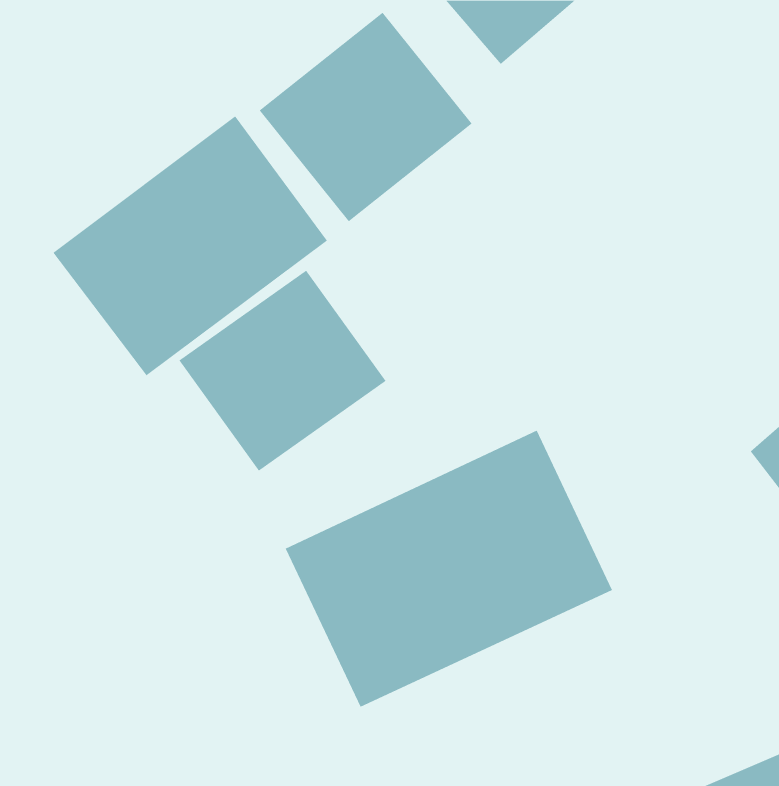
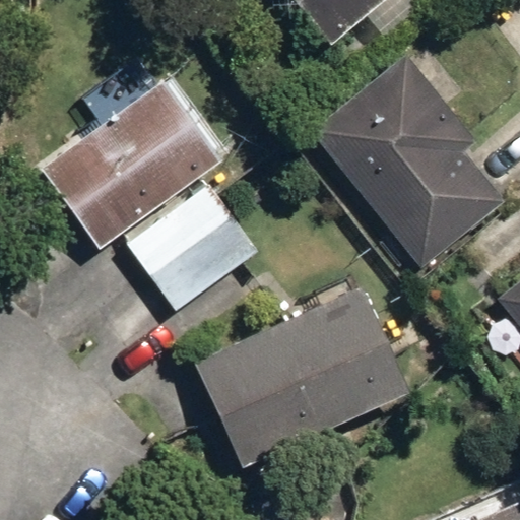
building: [259,12,472,222] -> none
building: none -> [312,55,505,268]

